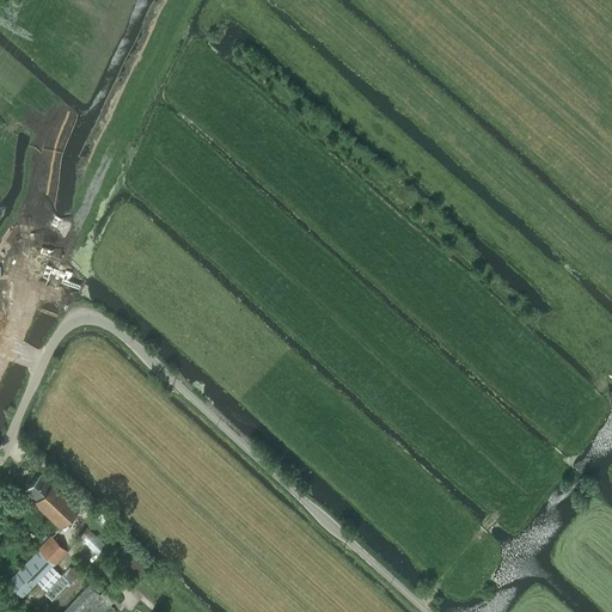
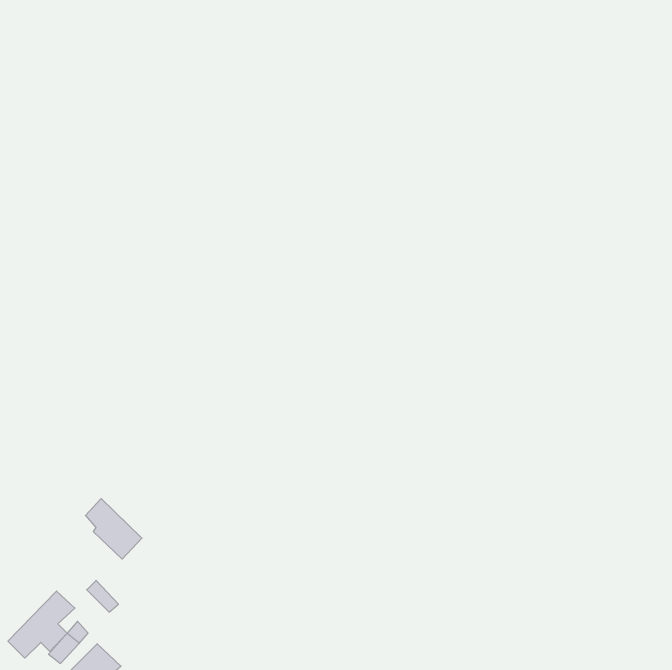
building: [26,476,78,531] -> [85,499,142,559]

